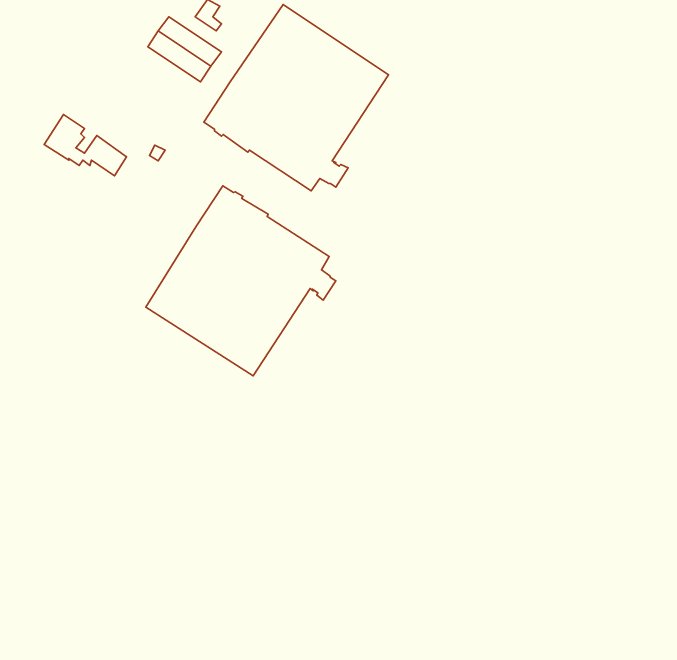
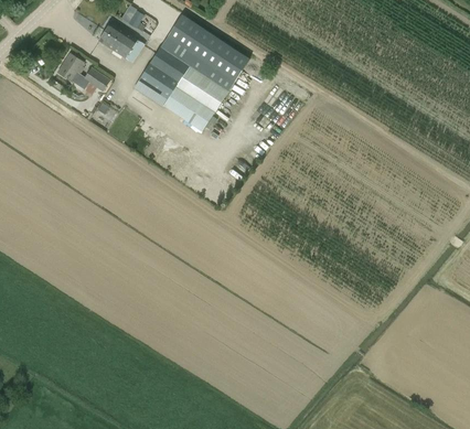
building: [44,115,127,176] -> [56,53,108,92]
building: [146,186,336,376] -> none

